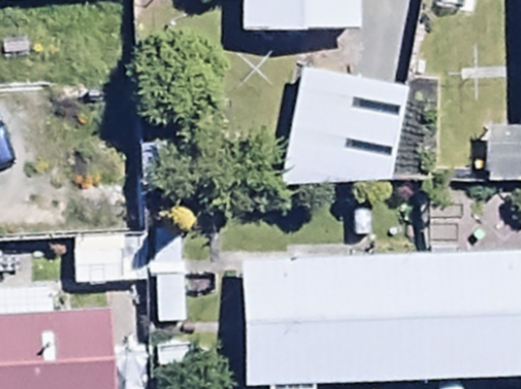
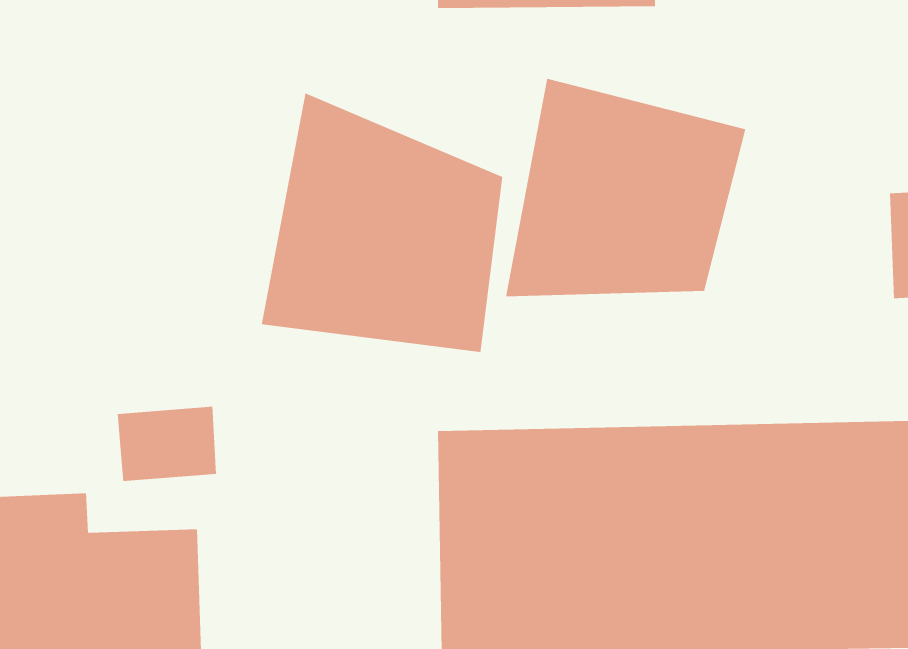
building: none -> [261,93,503,353]

